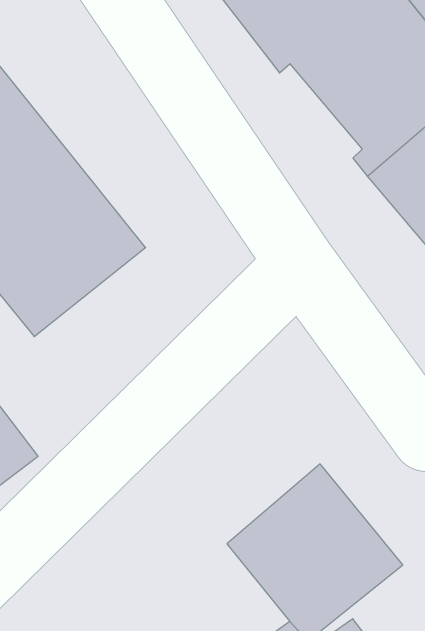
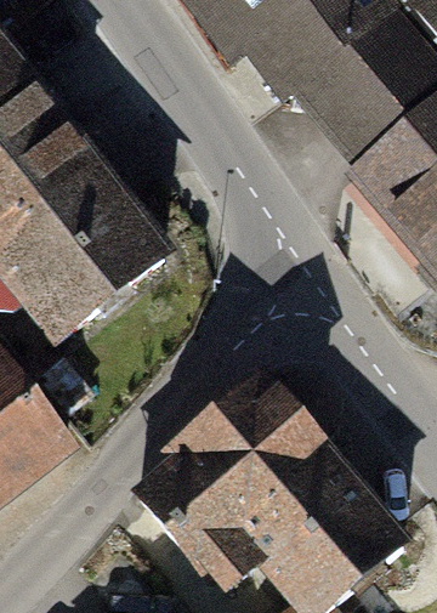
building: none -> [146,376,333,563]

